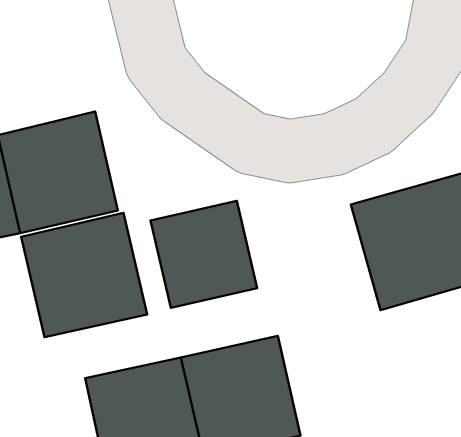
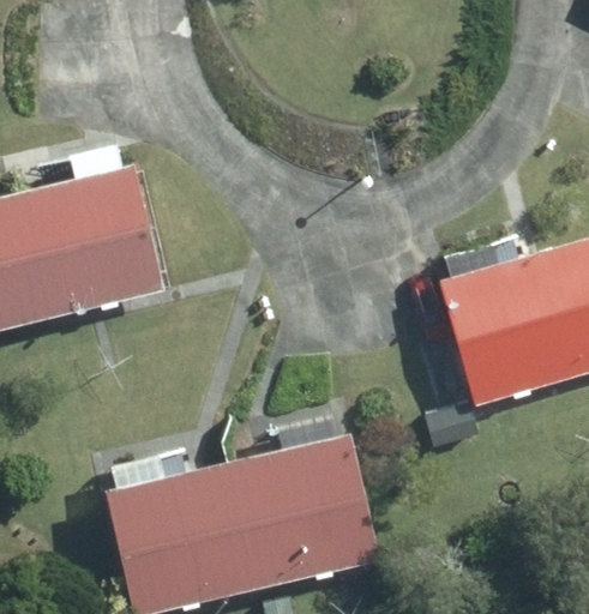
building: [151,201,257,308] -> none
building: [21,213,147,337] -> none

